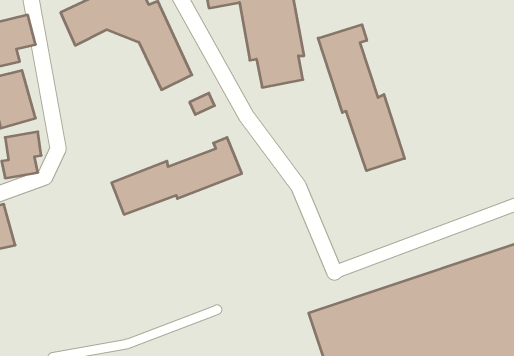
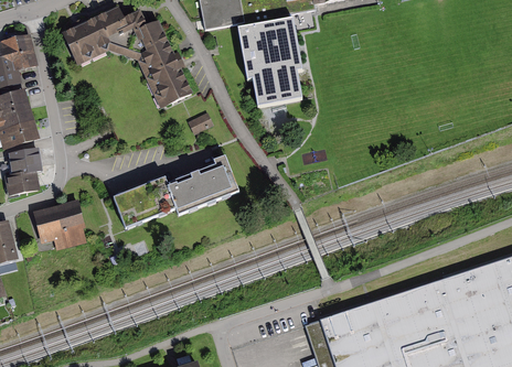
building: [318,25,405,171] -> none
building: none -> [35,199,87,249]

